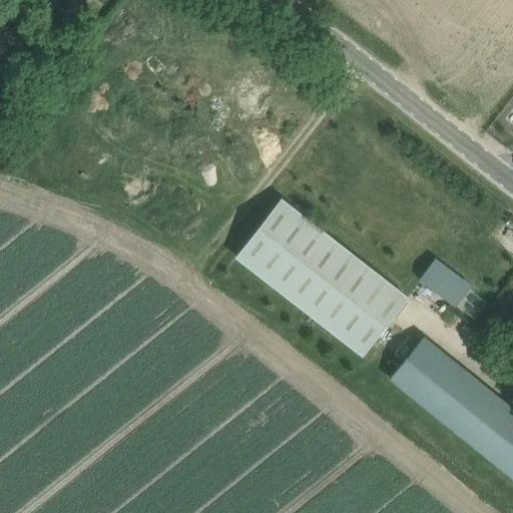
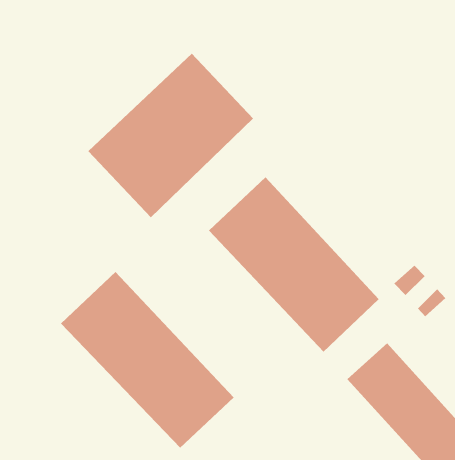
building: none -> [88,53,254,218]
building: none -> [60,271,235,449]

